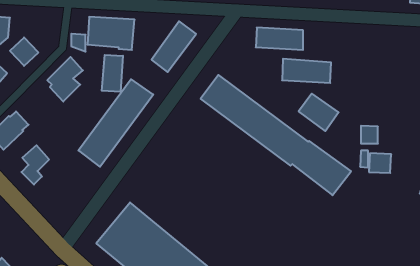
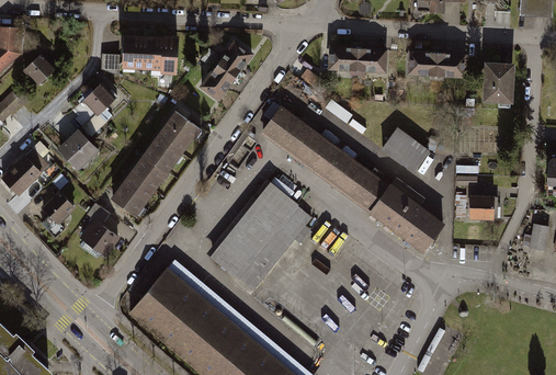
building: none -> [483,60,515,102]
building: [102,55,123,92] -> none
building: [282,59,331,83] -> [407,49,467,79]
building: none -> [56,128,99,171]
building: none -> [206,184,308,291]
building: none -> [79,203,120,258]

